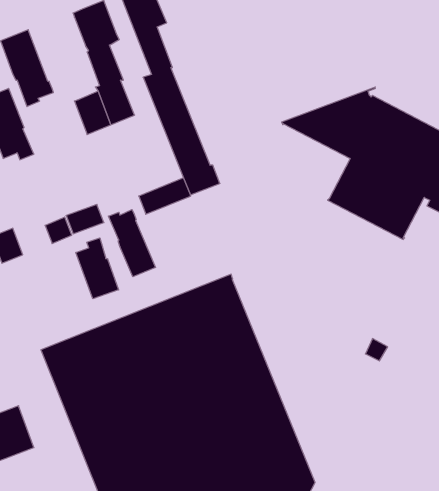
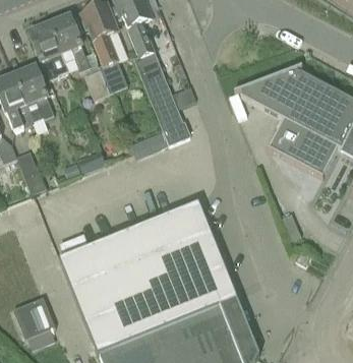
building: none -> [50,15,90,71]
building: [108,210,156,277] -> none
building: [76,238,119,299] -> none

